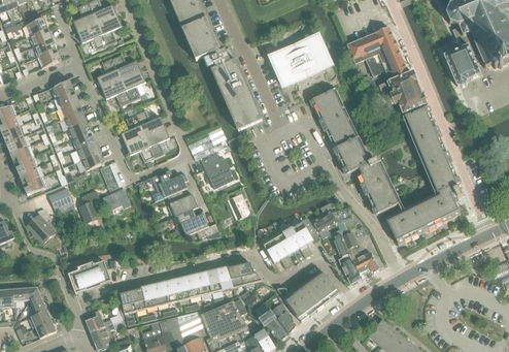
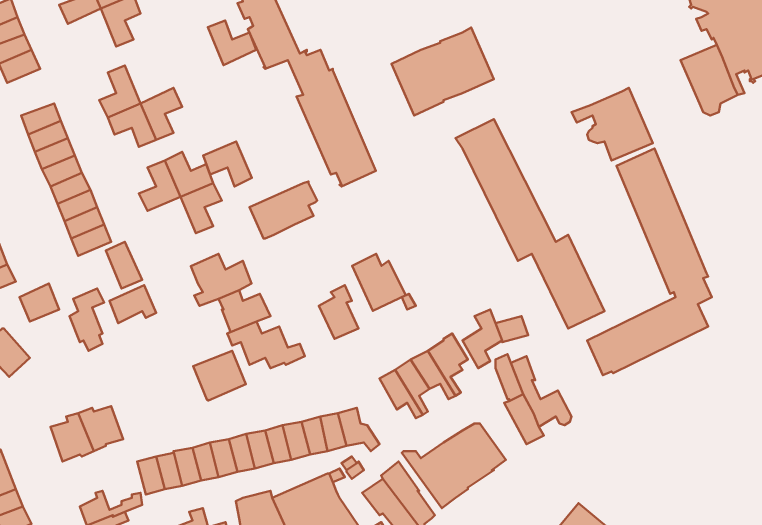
building: [77,23,106,50] -> none
building: [345,27,407,81] -> none
building: [111,53,140,79] -> [208,20,256,65]
building: [125,135,154,162] -> [203,142,252,187]
building: [202,154,234,188] -> [352,254,406,311]
building: none -> [193,351,246,400]

